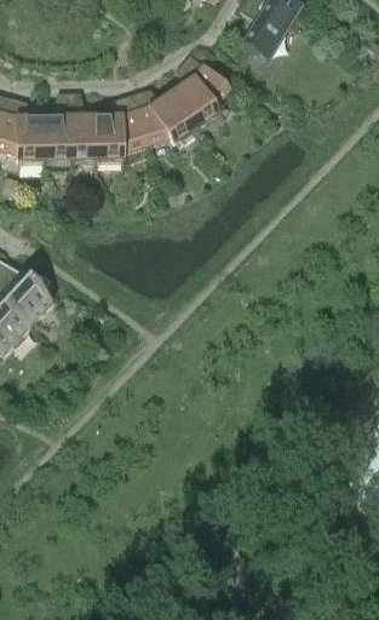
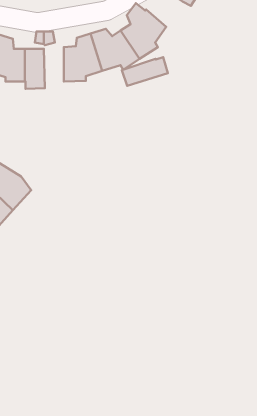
building: [68,113,94,167] -> none
building: none -> [122,57,168,86]

